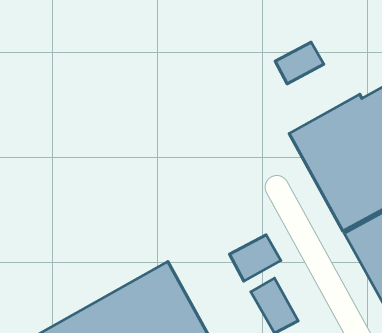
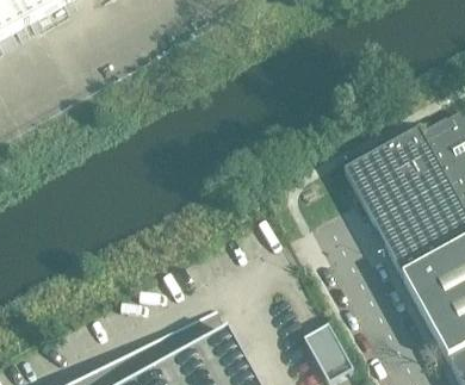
building: [275,42,324,84] -> none
building: [229,235,281,281] -> none

